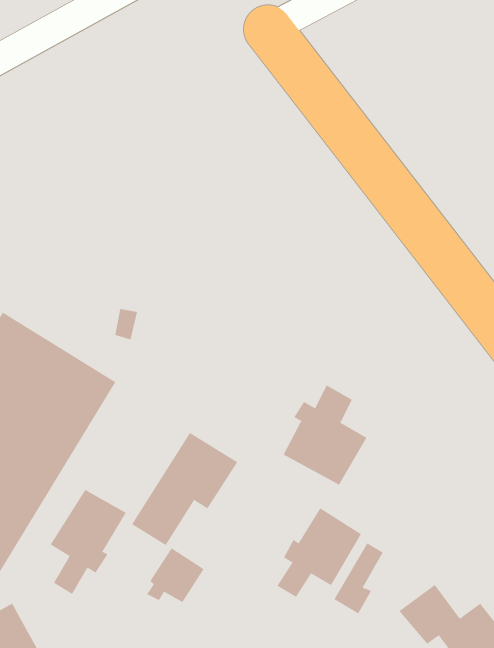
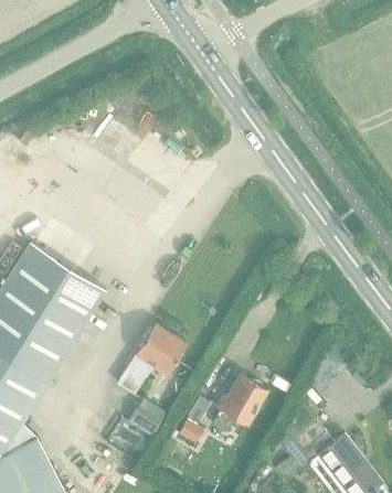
building: [283,384,367,485] -> none
building: [50,489,127,595] -> none
building: [333,542,383,614] -> [178,397,211,444]

